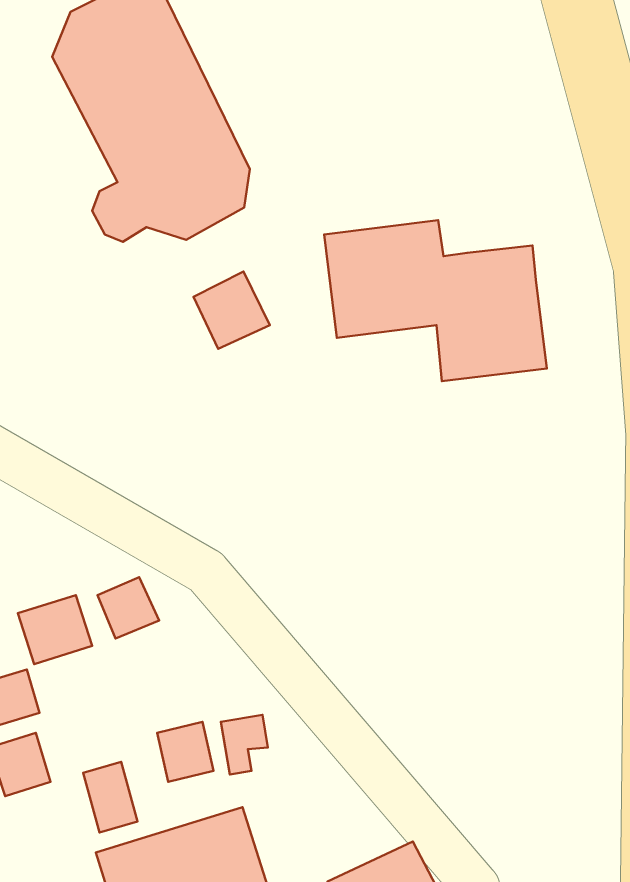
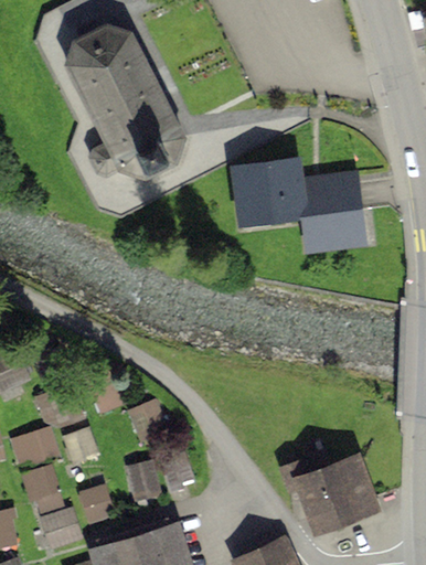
building: [194,272,270,349] -> none
building: none -> [134,404,172,446]
building: none -> [63,428,100,466]
building: none -> [277,454,381,537]
building: none -> [41,508,84,550]

